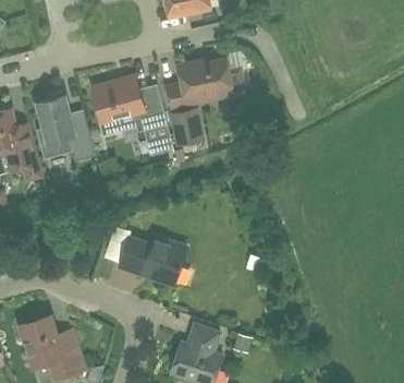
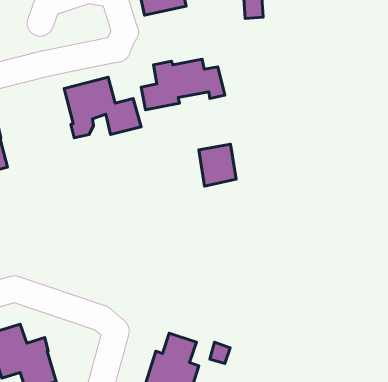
building: [36,91,95,161] -> none
building: [167,108,203,148] -> [199,144,236,186]
building: [118,237,185,285] -> none

